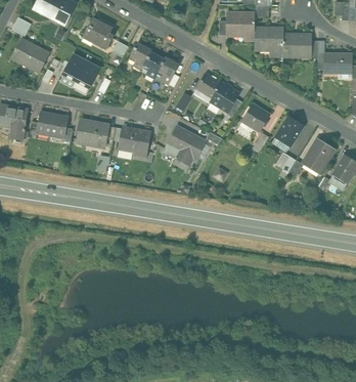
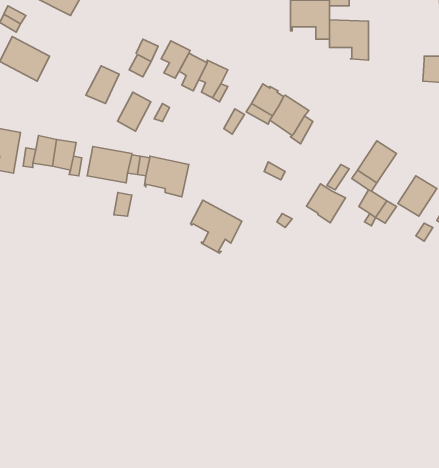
building: [84,18,113,48] -> none
building: [282,34,311,56] -> none
building: [61,53,86,82] -> [117,92,151,131]
building: [241,103,270,132] -> [307,184,346,223]
building: [167,126,205,165] -> [190,200,242,253]

